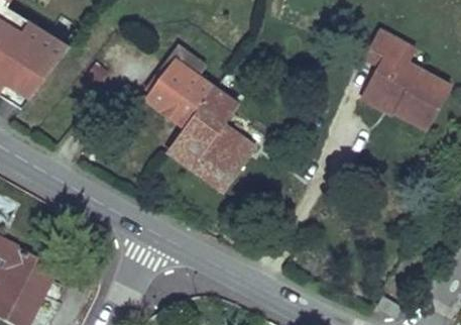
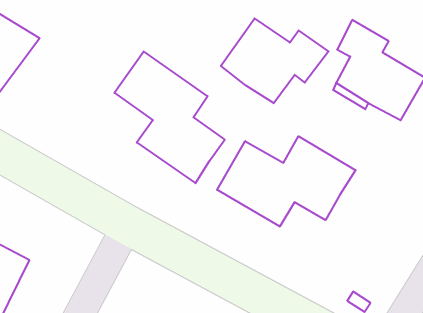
building: none -> [221,18,329,103]
building: none -> [217,136,356,227]

